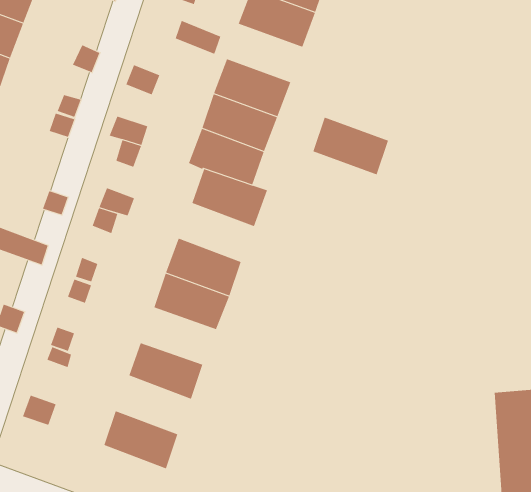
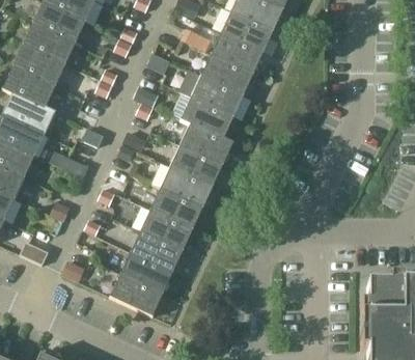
building: [313,117,389,175] -> [213,32,262,73]
building: none -> [172,145,222,186]
building: none -> [142,211,192,250]
building: none -> [122,253,172,294]

